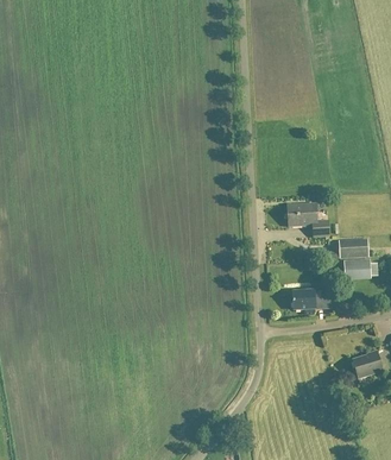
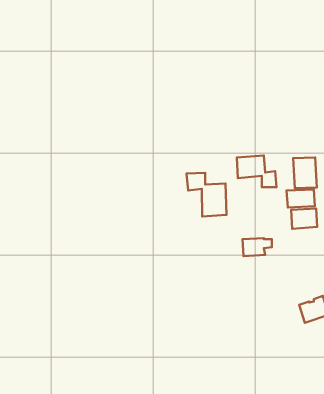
building: none -> [293,158,317,188]
building: none -> [186,173,226,216]

